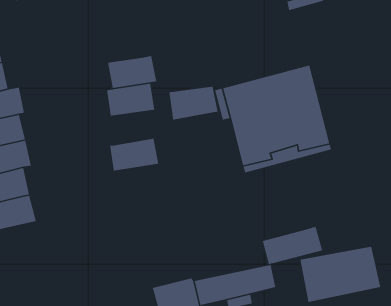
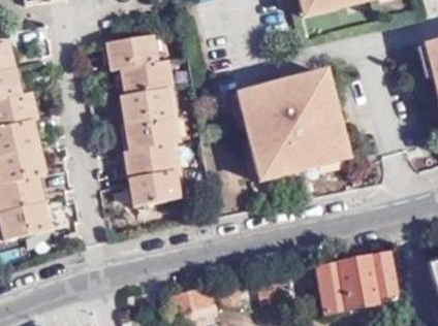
building: none -> [106,35,156,69]
building: [169,86,218,120] -> [124,116,175,151]
building: none -> [127,170,178,204]
building: [262,226,323,265] -> none

